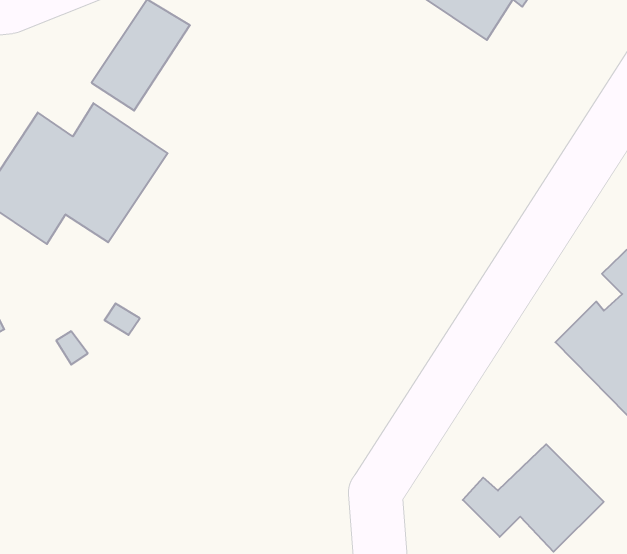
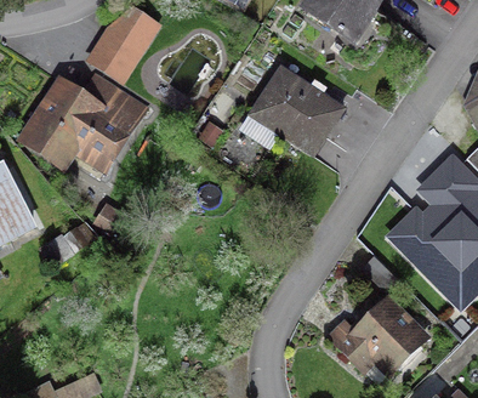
building: none -> [254,68,343,154]

